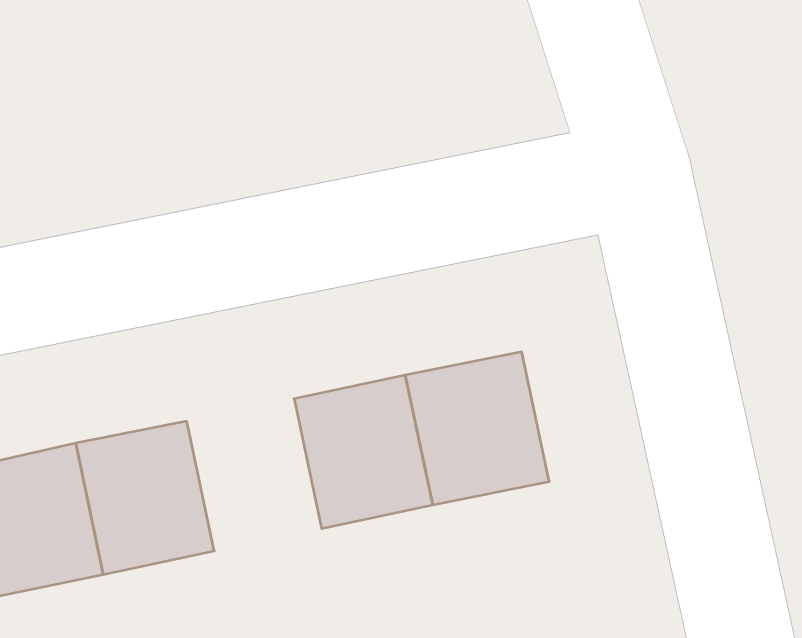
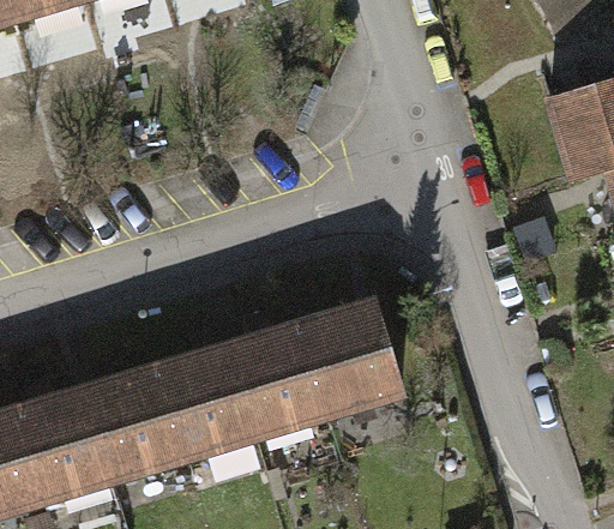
building: none -> [154,348,249,453]

